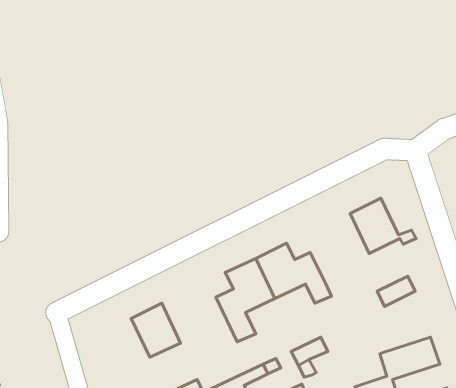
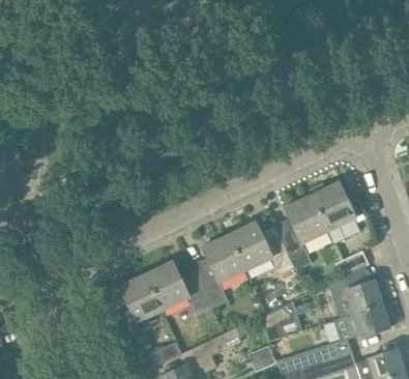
building: none -> [275,196,327,257]
building: none -> [145,262,211,316]
building: none -> [331,279,388,318]

